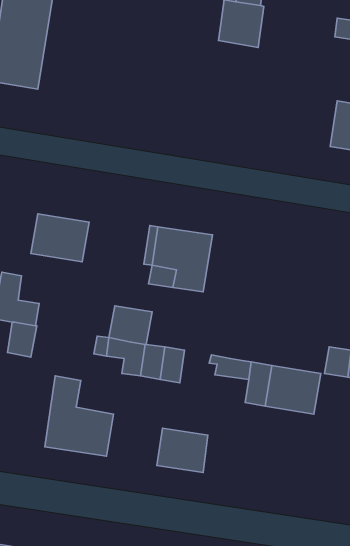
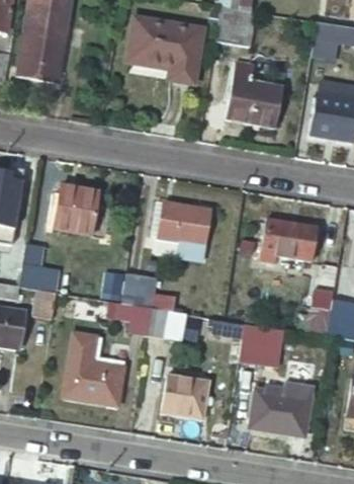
building: none -> [127,18,202,85]
building: none -> [228,64,285,130]
building: none -> [261,220,318,261]
building: none -> [250,392,311,433]

